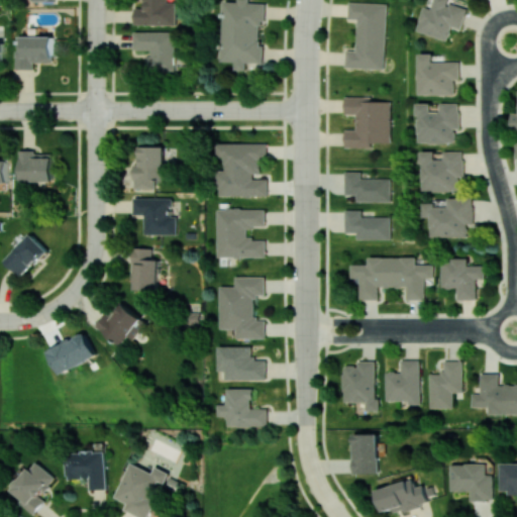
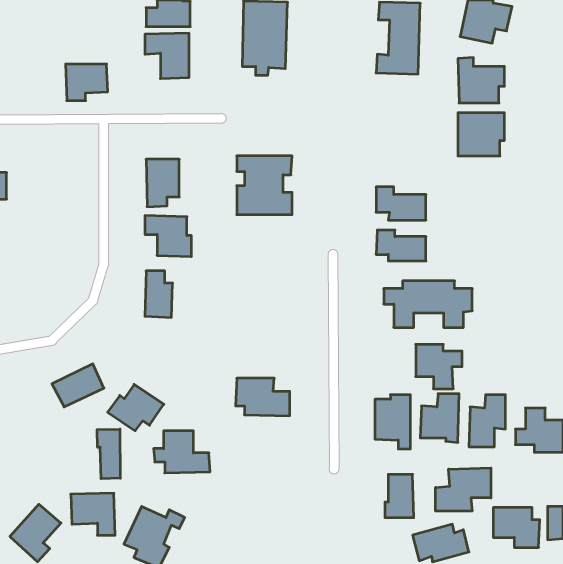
building: [14,36,53,70] -> [66,64,108,101]
building: [343,97,388,147] -> none
building: [422,151,463,192] -> none
building: [17,152,53,182] -> none
building: [422,198,472,237] -> none
building: [216,209,264,257] -> none
building: [4,234,46,278] -> none
building: [441,260,484,300] -> [416,344,462,389]
building: [218,277,264,338] -> none
building: [94,303,145,345] -> [108,384,164,431]
building: [215,389,267,427] -> [154,431,210,473]
building: none -> [97,429,120,479]
building: none -> [436,468,491,511]

